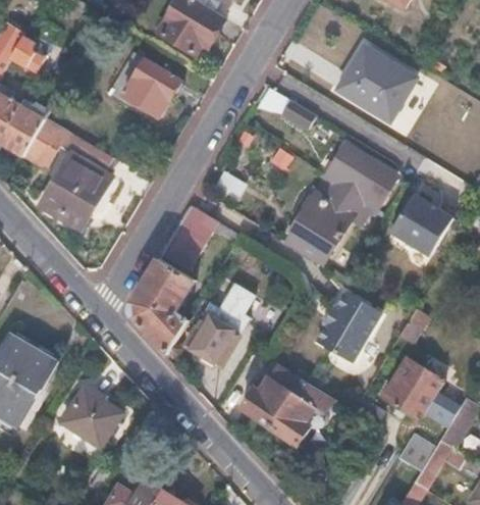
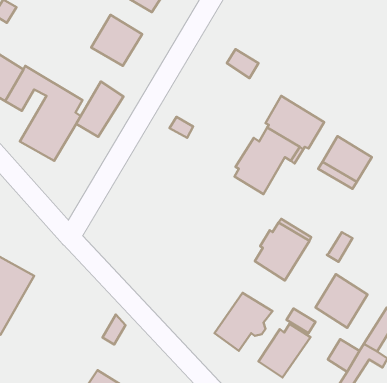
building: [337,47,414,121] -> none
building: [162,204,217,268] -> [76,82,124,137]
building: [132,257,196,354] -> none
building: [185,284,253,365] -> none
building: [238,364,299,426] -> [259,324,310,377]
building: [62,391,123,451] -> none

